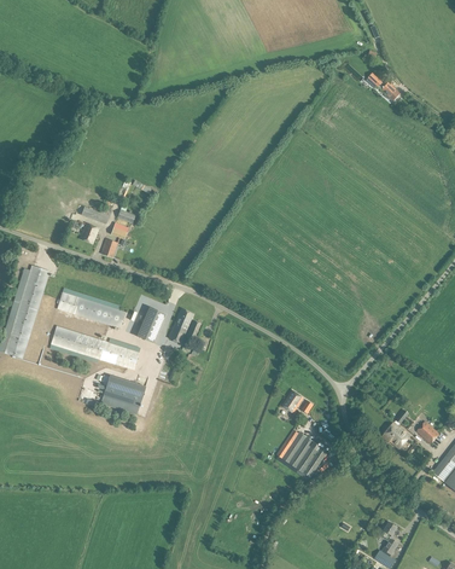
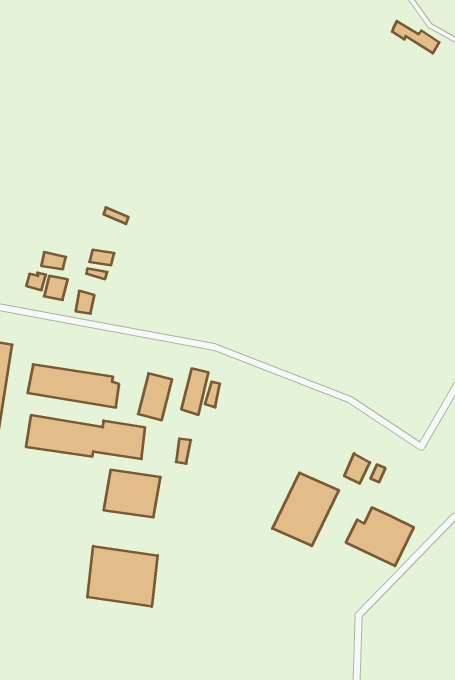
building: none -> [272,473,339,546]
building: none -> [87,546,158,607]

